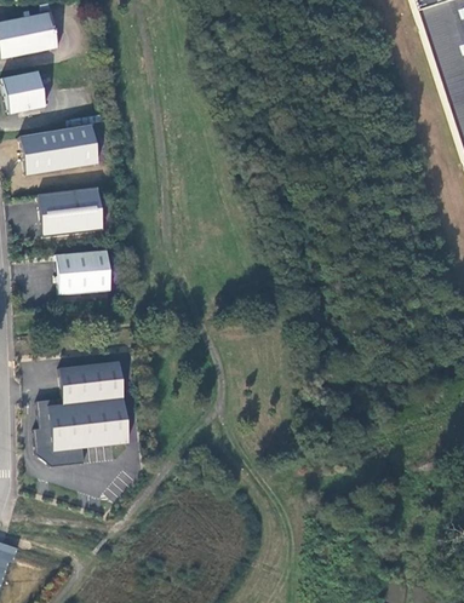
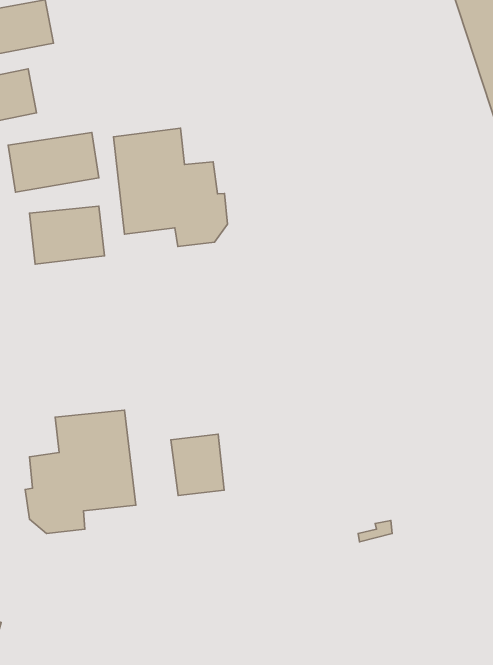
building: none -> [114,128,227,247]
building: [58,249,113,294] -> none
building: none -> [171,434,224,495]

